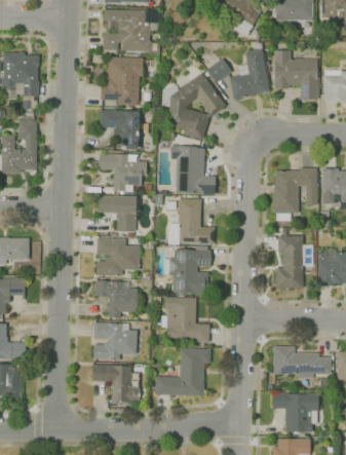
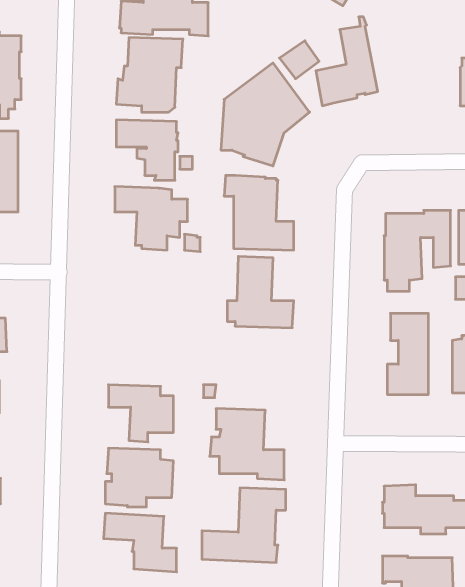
building: [275,50,320,100] -> none
building: [98,195,137,232] -> none
building: [97,237,140,276] -> none
building: [169,245,212,294] -> none

